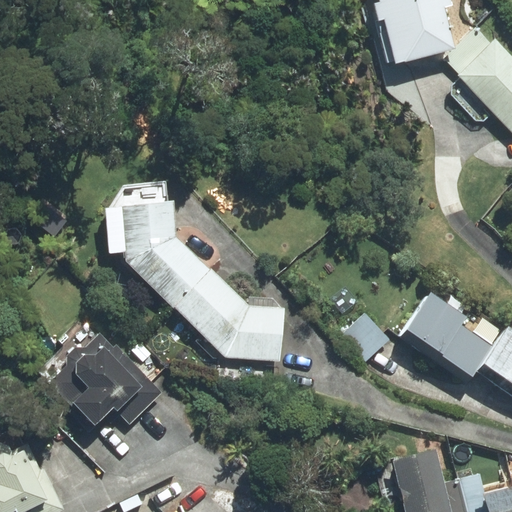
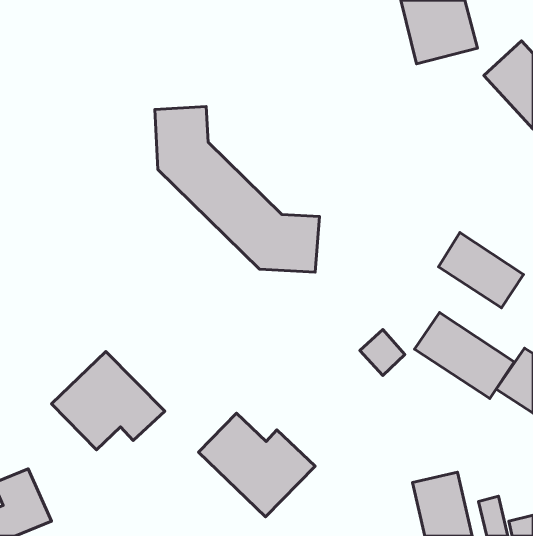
building: [126,201,283,359] -> [155,107,319,272]
building: none -> [438,232,524,308]
building: none -> [198,413,315,517]

